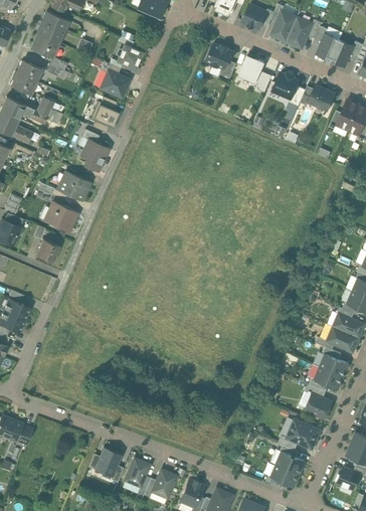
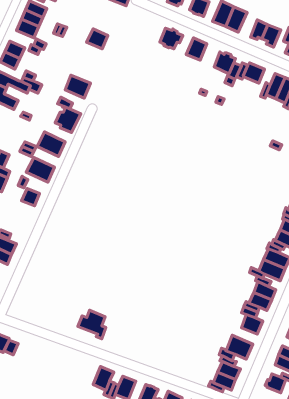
building: [100,70,130,99] -> none
building: [88,447,123,482] -> [78,310,106,339]

